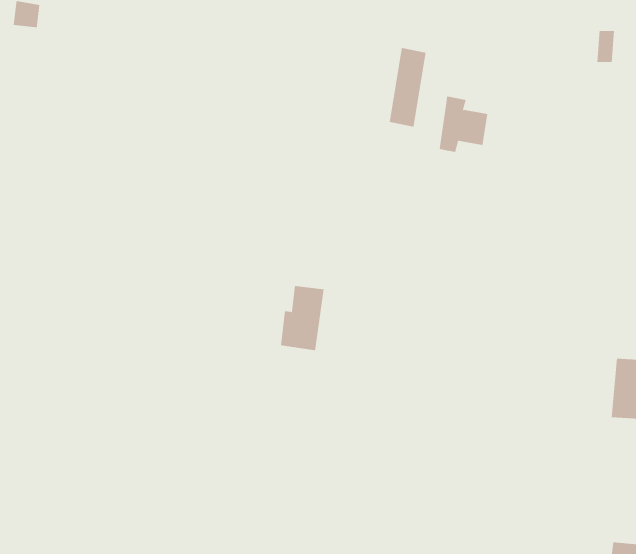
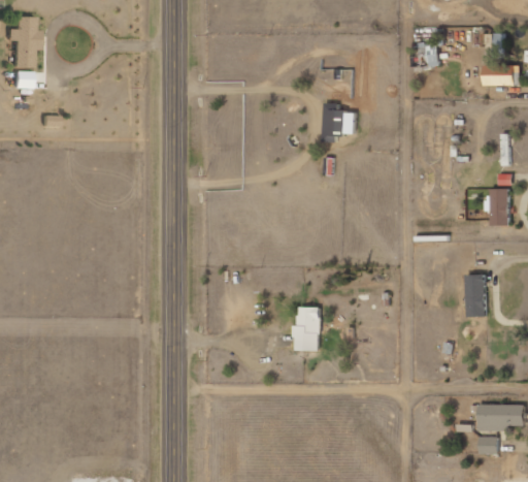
building: [389,47,426,127] -> none
building: [280,286,325,351] -> [293,307,320,351]

